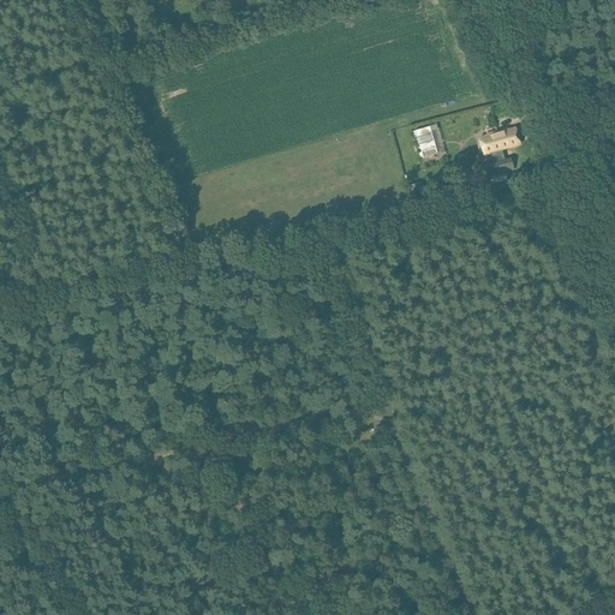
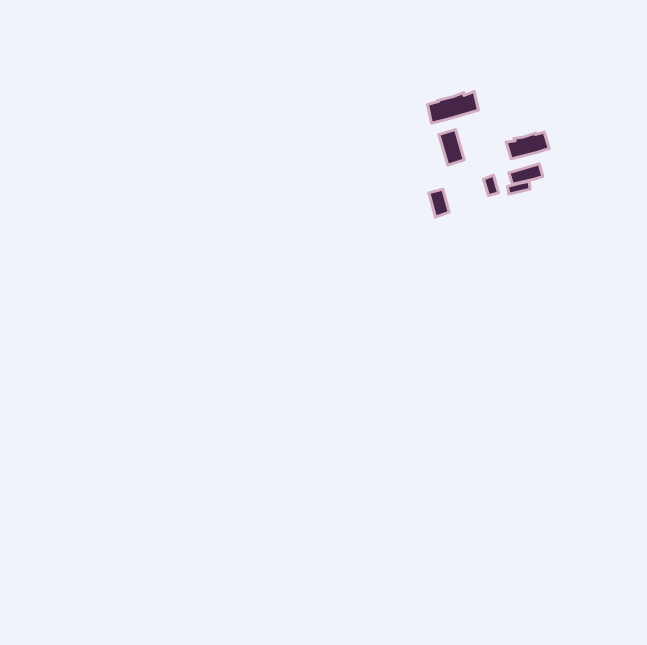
building: none -> [427,92,478,123]

